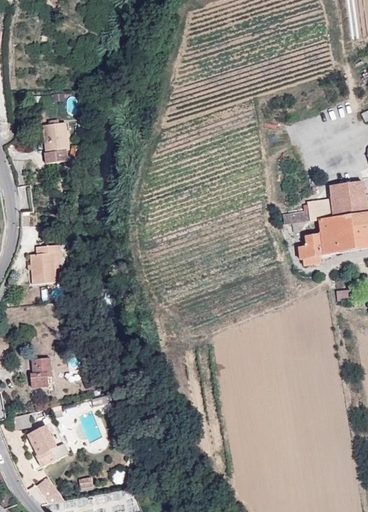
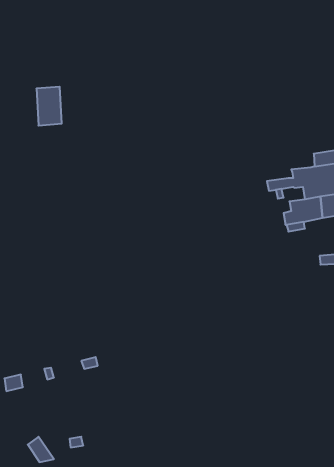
building: [30,245,60,284] -> none
building: [30,358,51,388] -> none
building: [27,425,68,467] -> none

